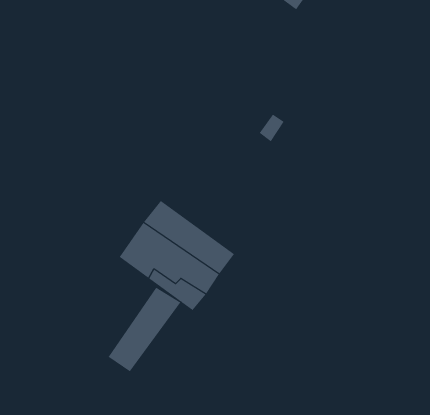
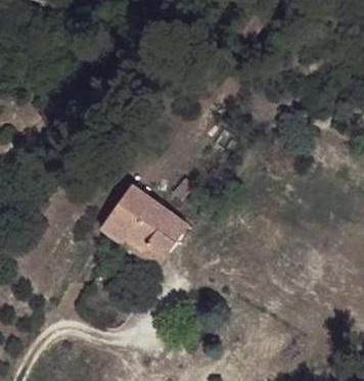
building: [108,287,181,372] -> none

